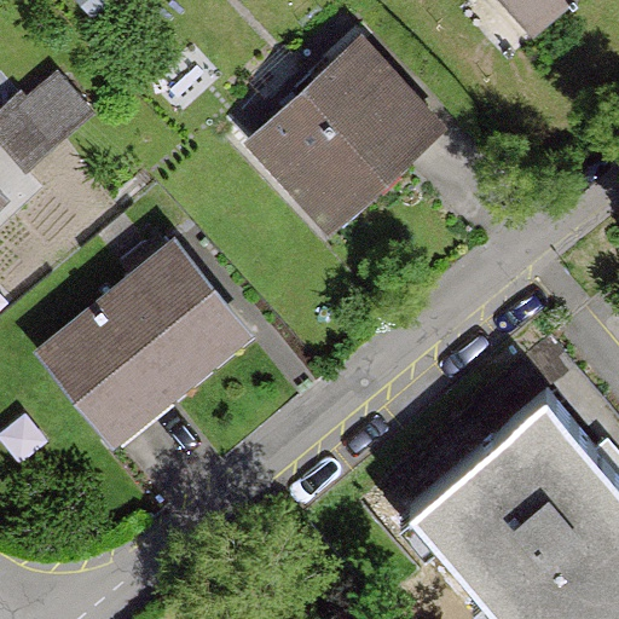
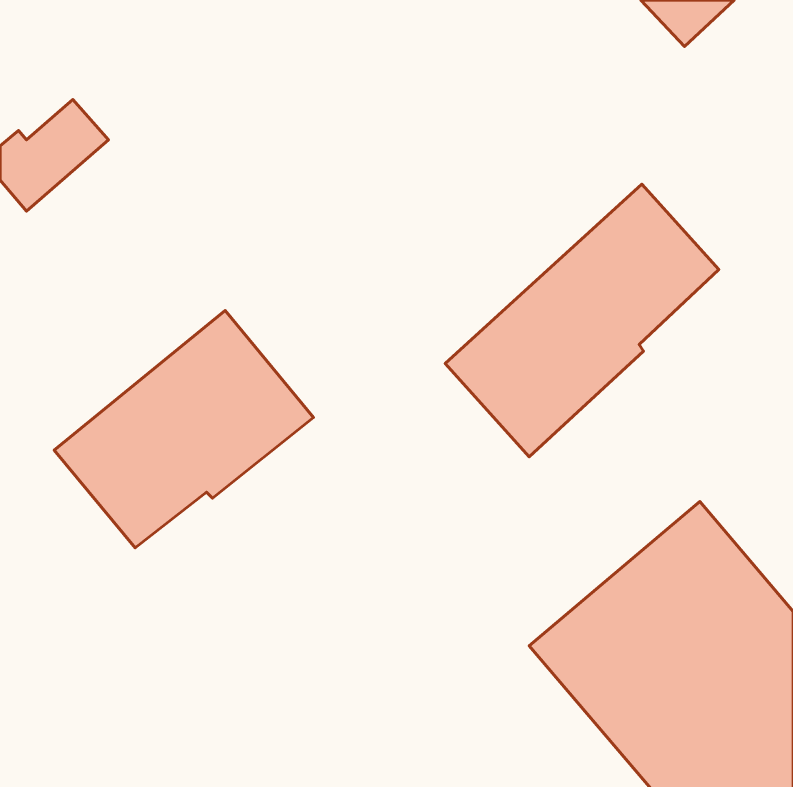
building: [255,46,434,222] -> none
building: none -> [445,184,719,457]

